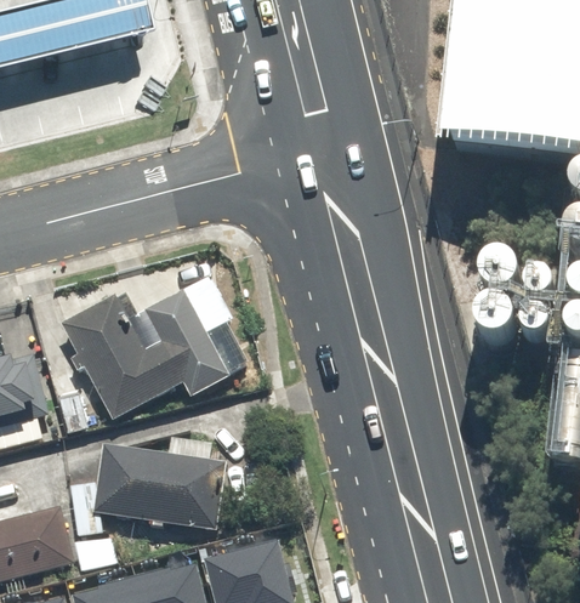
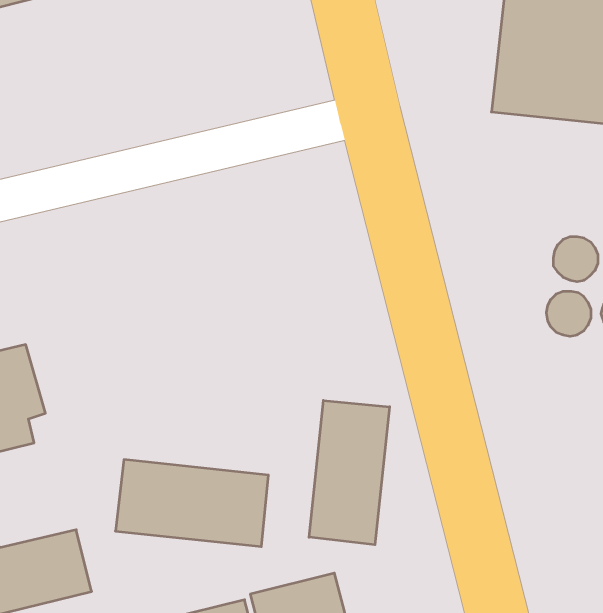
building: [61,285,231,414] -> none
building: none -> [309,400,390,545]

